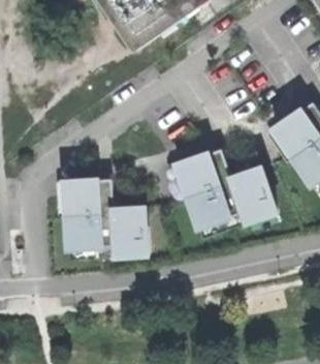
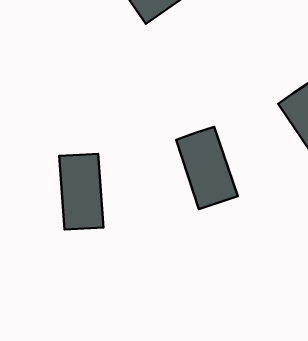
building: [226,165,277,224] -> none
building: [107,204,149,257] -> none

